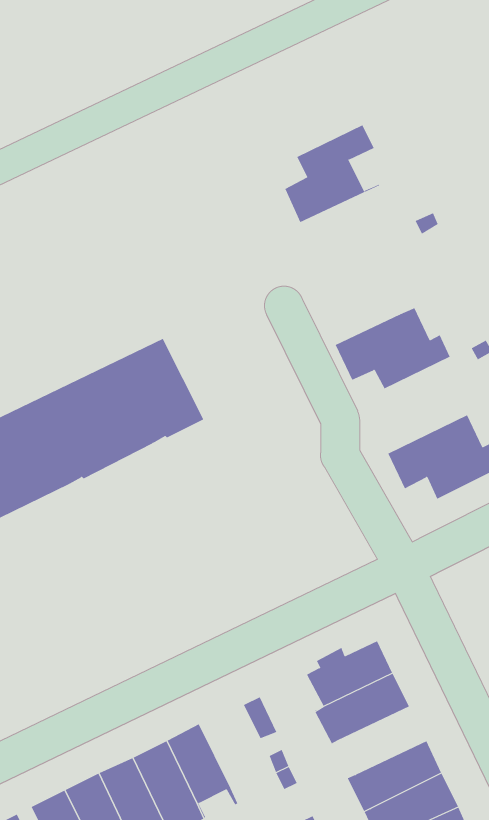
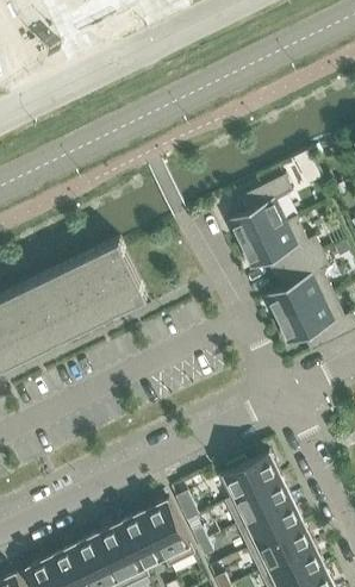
building: [285,124,380,223] -> [230,177,297,246]
building: none -> [266,255,334,323]
building: none -> [238,500,305,550]
building: none -> [145,501,197,568]

